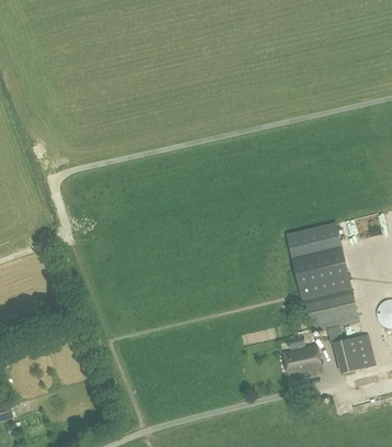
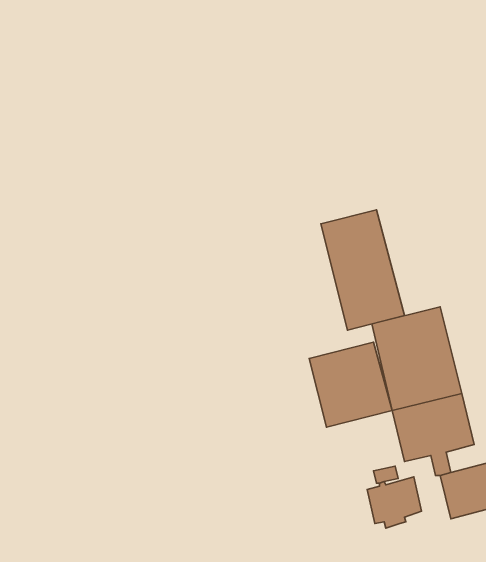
building: none -> [321,210,404,330]
building: none -> [309,342,392,427]

